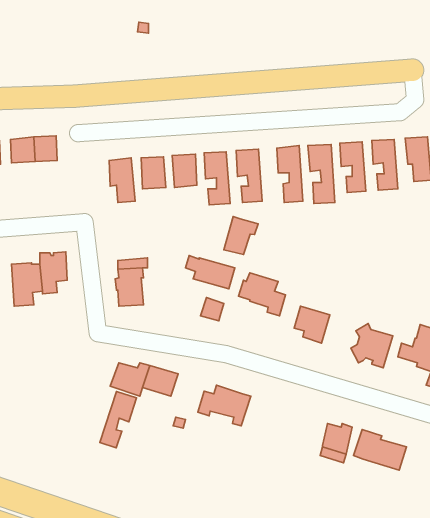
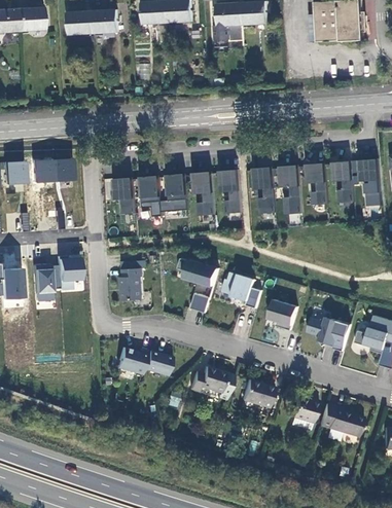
building: [224,216,258,254] -> none
building: [100,392,136,448] -> none
building: none -> [241,379,274,408]

